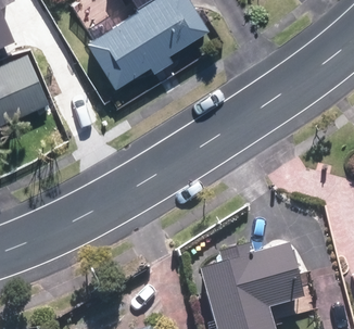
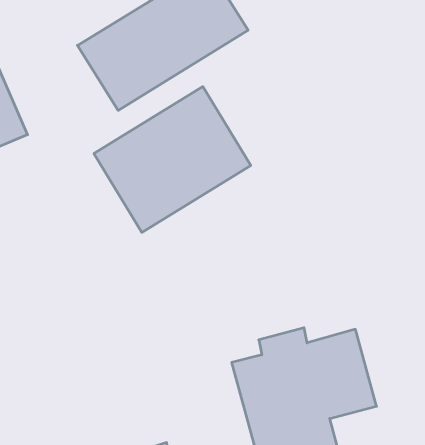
building: none -> [94,87,251,232]

